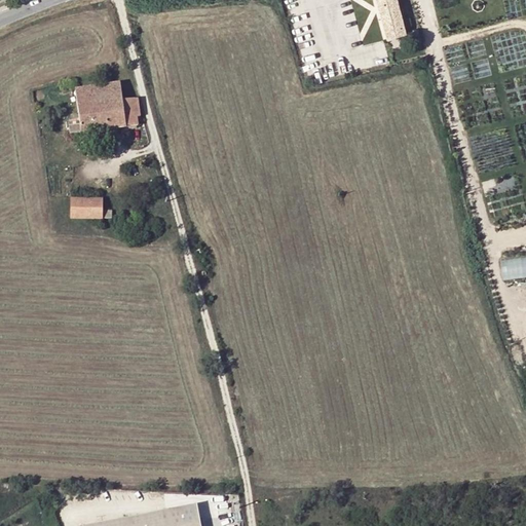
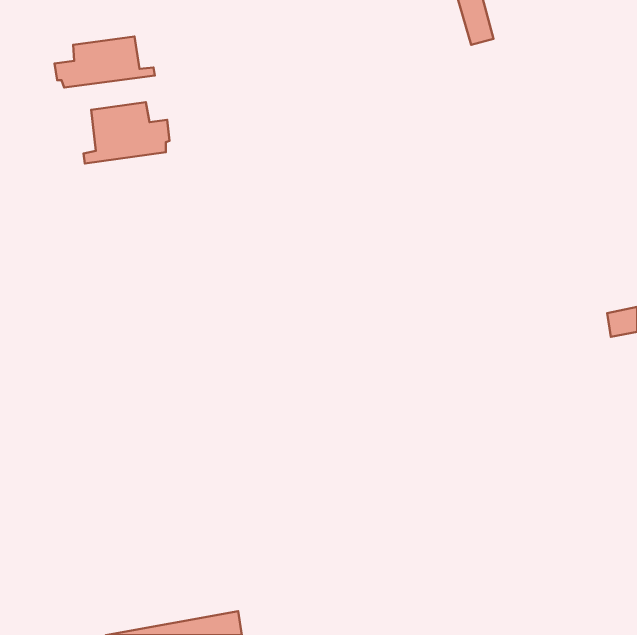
building: none -> [55,36,155,88]
building: [71,199,111,218] -> none

